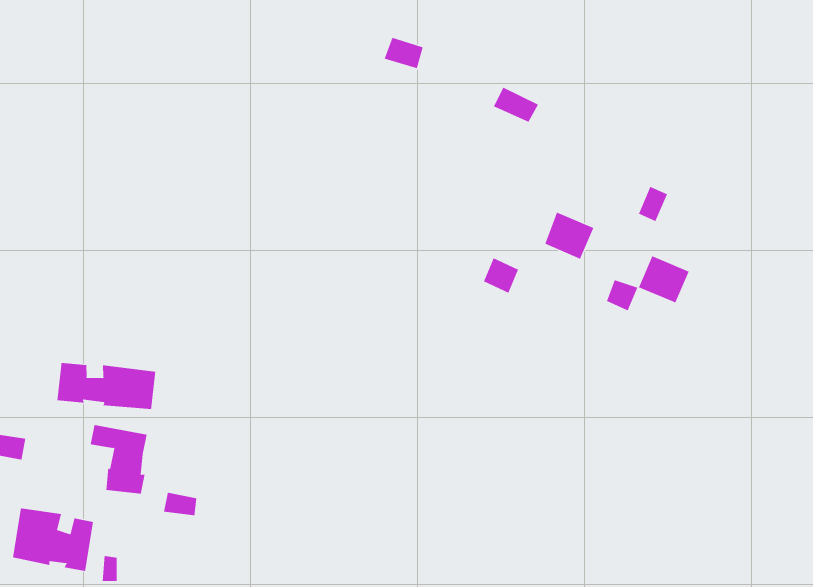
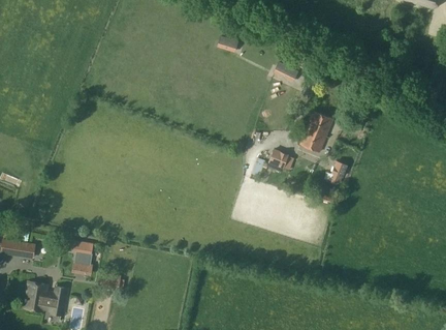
building: [638,256,690,303] -> [307,112,333,137]
building: [57,362,156,410] -> none

